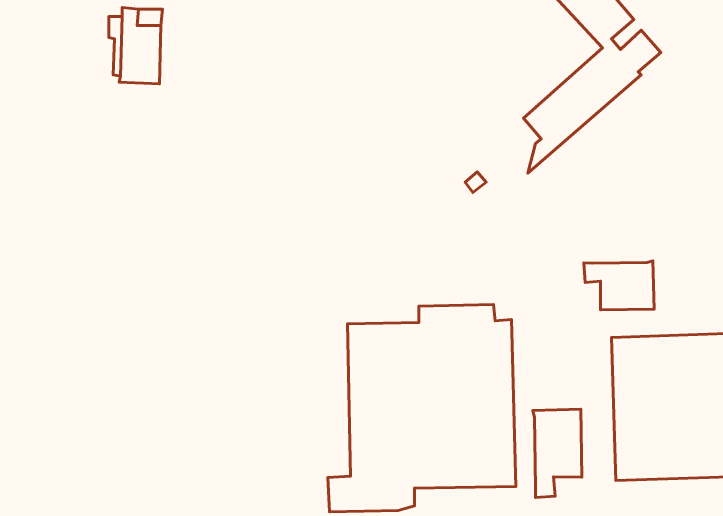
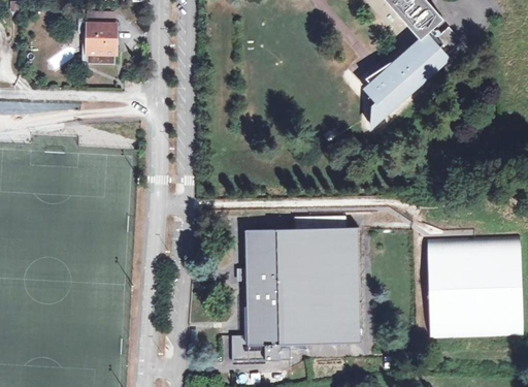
building: [584,261,654,310] -> none
building: [533,409,582,498] -> none

